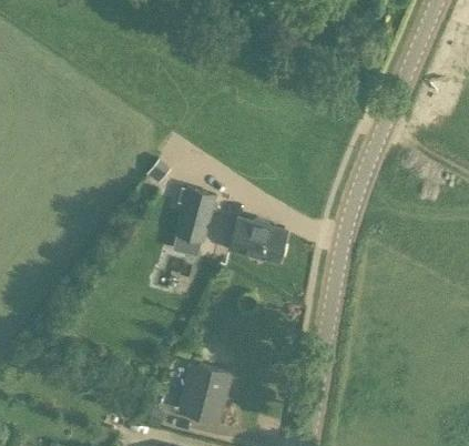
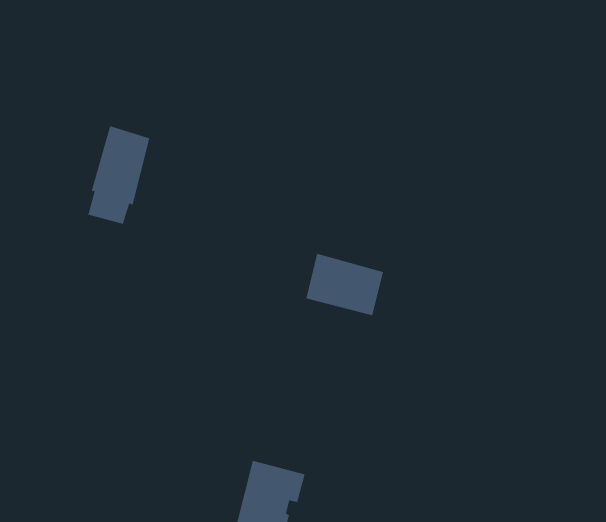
building: [173,186,217,256] -> [88,126,150,224]

